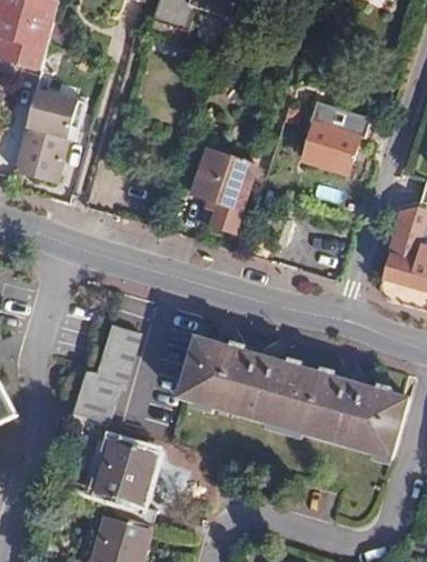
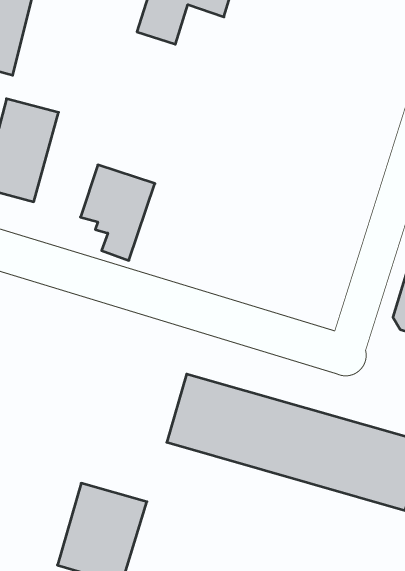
building: [301,99,370,172] -> none
building: [190,147,257,232] -> [80,165,155,260]
building: [72,324,140,423] -> none

